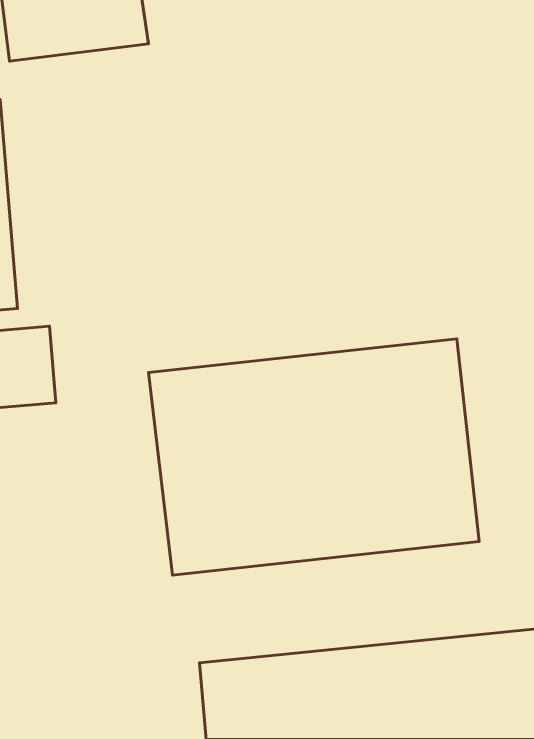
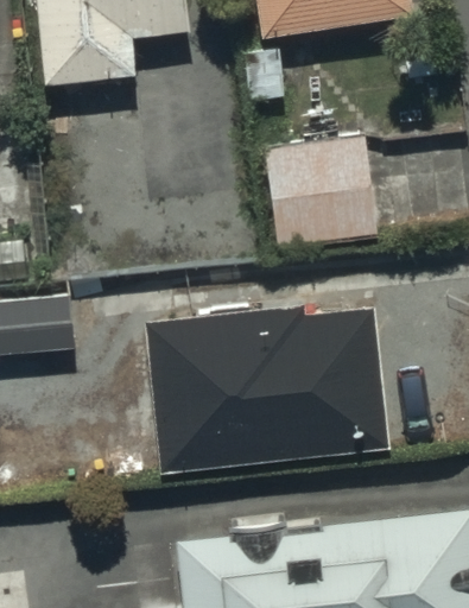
building: none -> [262,134,380,248]

